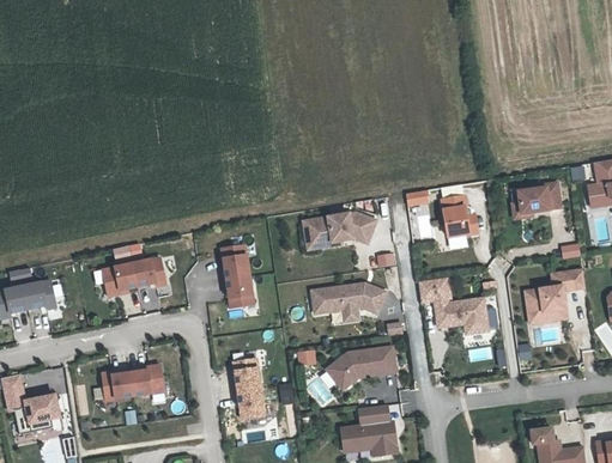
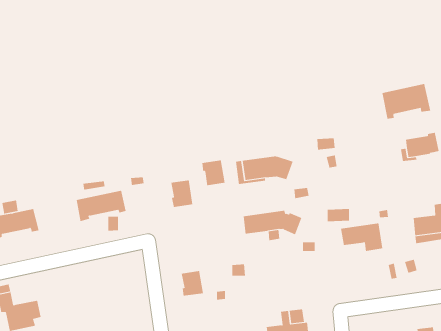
building: none -> [382,83,431,120]
building: [441,197,477,239] -> none
building: [225,274,255,306] -> [202,160,225,186]
building: [327,345,396,389] -> none
building: [102,364,162,398] -> none
building: [237,385,267,418] -> none

